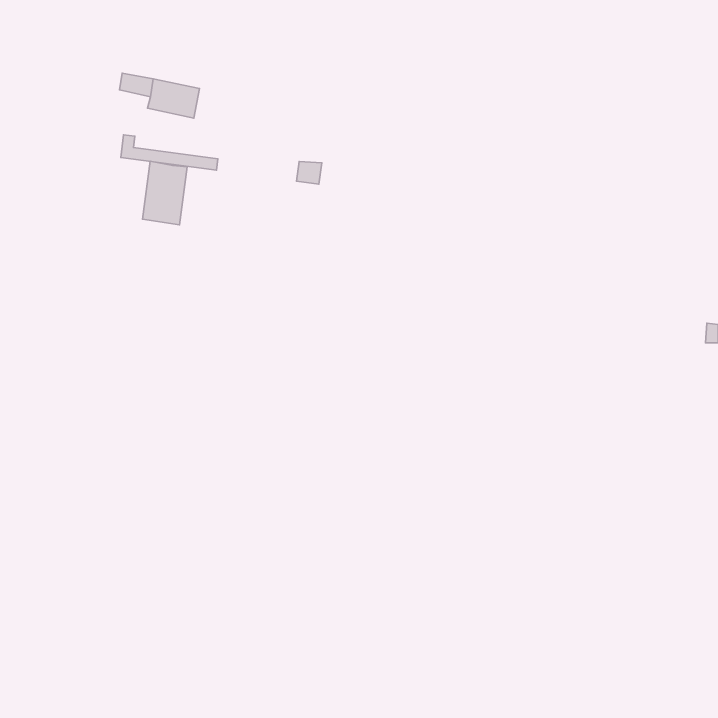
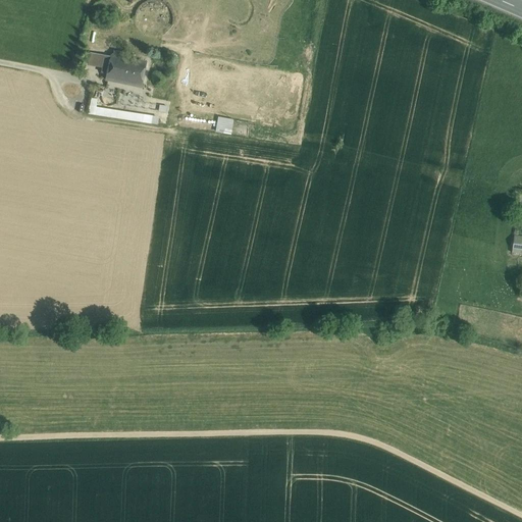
building: [142,161,187,225] -> none

